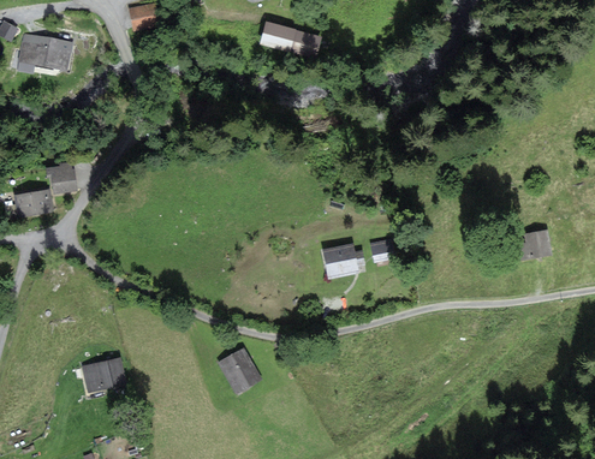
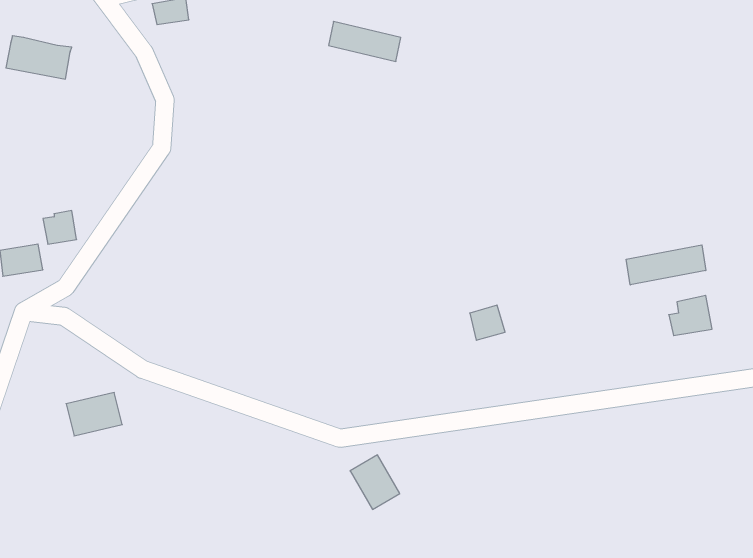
building: none -> [626,245,706,285]
building: [322,245,364,279] -> none
building: [221,350,258,391] -> [350,455,400,509]
building: [81,357,123,389] -> [66,393,122,436]

